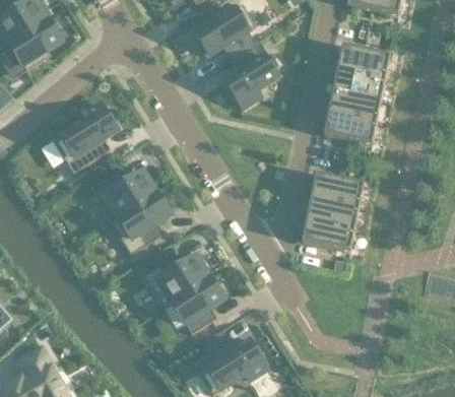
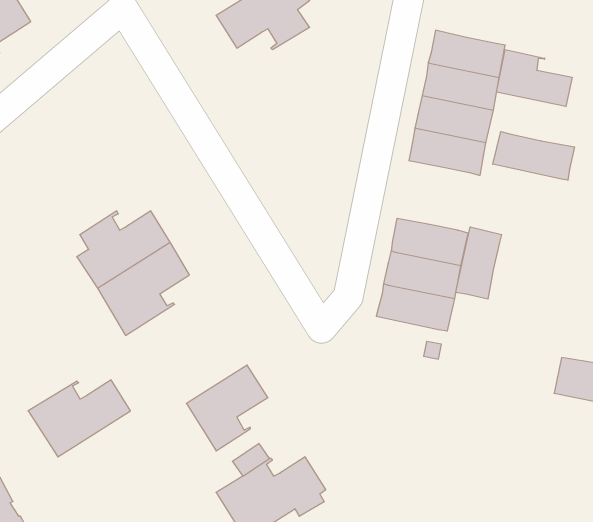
building: [220,41,280,107] -> none
building: none -> [497,50,572,107]
building: [52,104,120,173] -> none
building: none -> [493,132,574,180]
building: none -> [456,227,502,299]
building: [142,254,212,307] -> [28,380,130,457]

